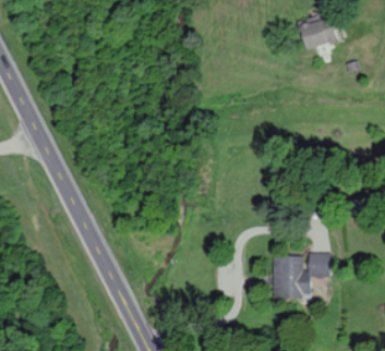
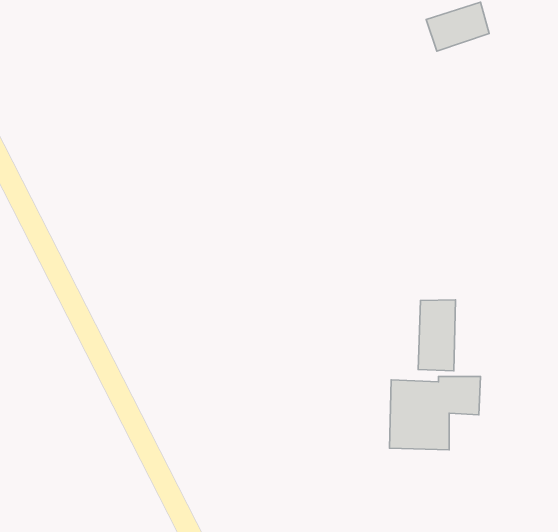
building: none -> [418,300,456,371]

